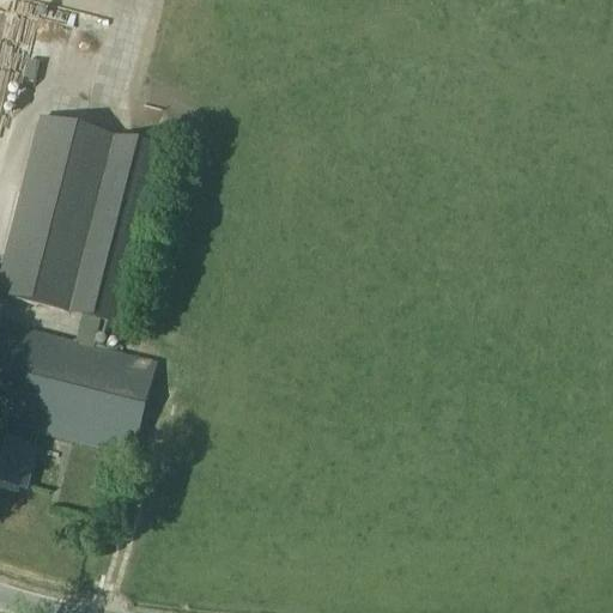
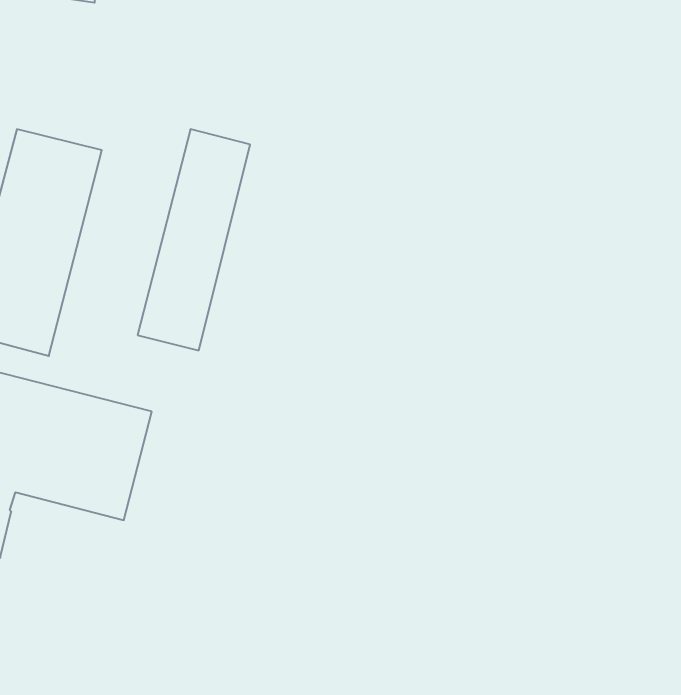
building: [55,131,152,321] -> [138,129,250,350]

